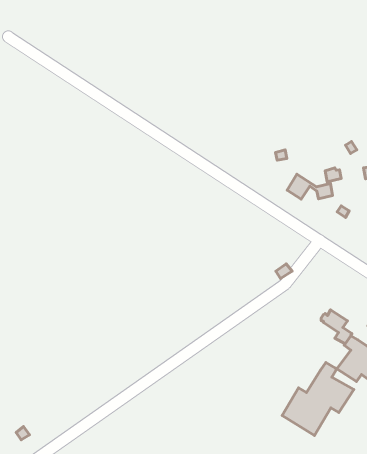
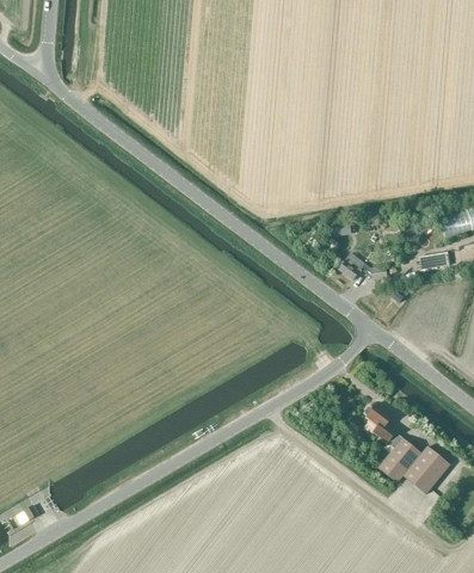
building: [282,363,354,435] -> none

